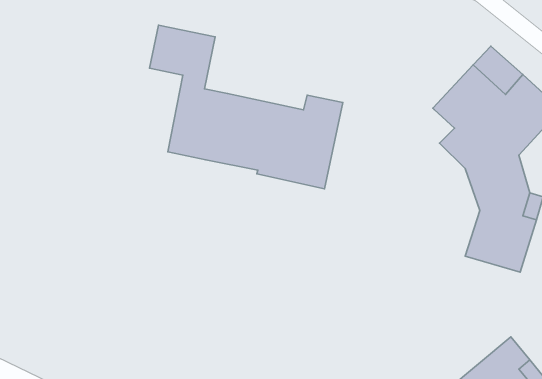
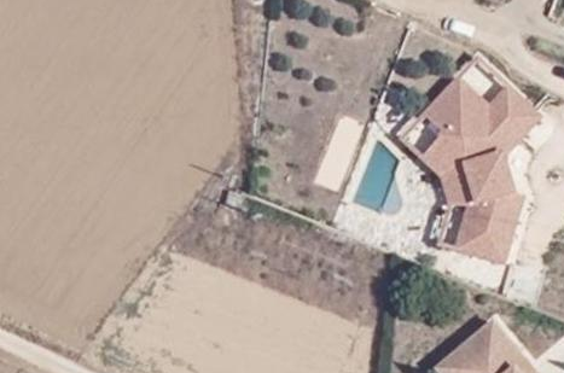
building: [149,25,343,189] -> none
building: none -> [400,115,465,247]

